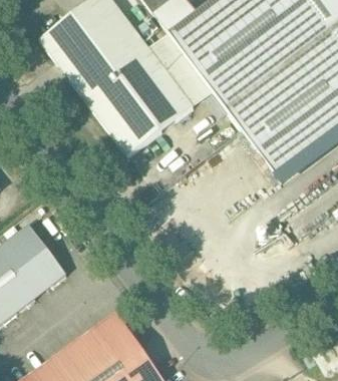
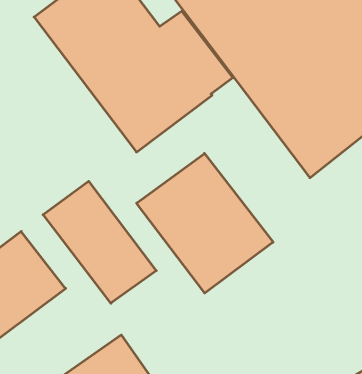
building: none -> [137,153,273,293]
building: none -> [43,181,156,303]

